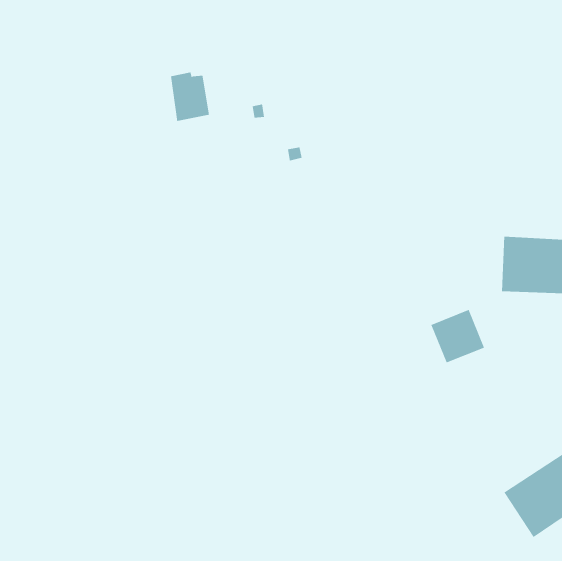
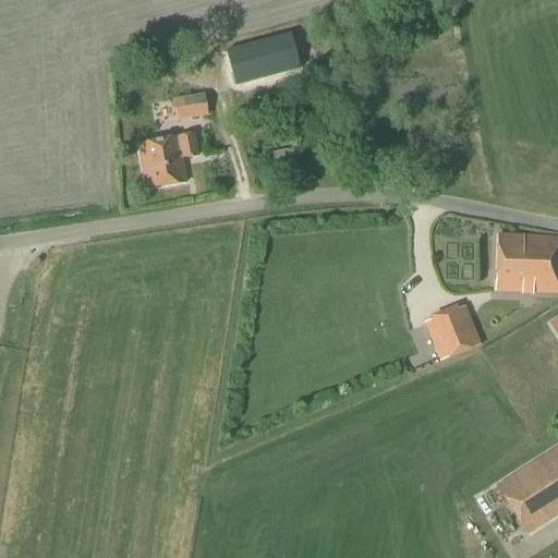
building: none -> [228,32,300,84]
building: none -> [140,132,201,184]

